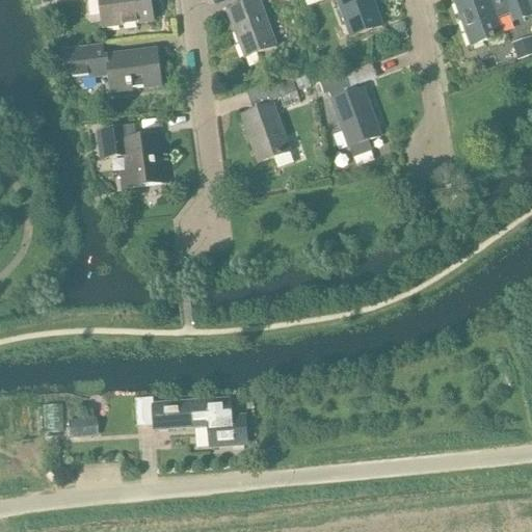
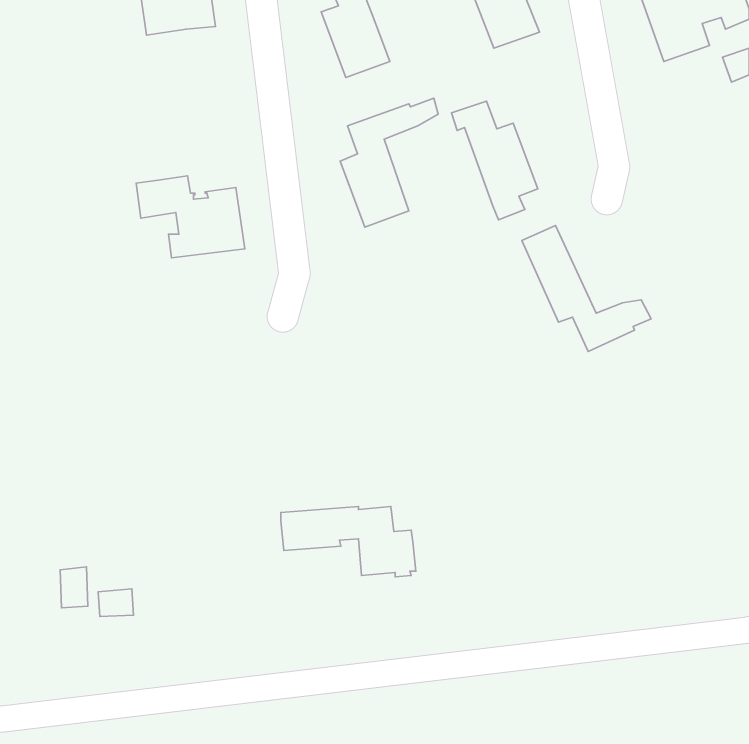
building: [62,43,161,89] -> none
building: none -> [522,226,651,352]
building: [153,397,248,447] -> [281,507,416,577]

